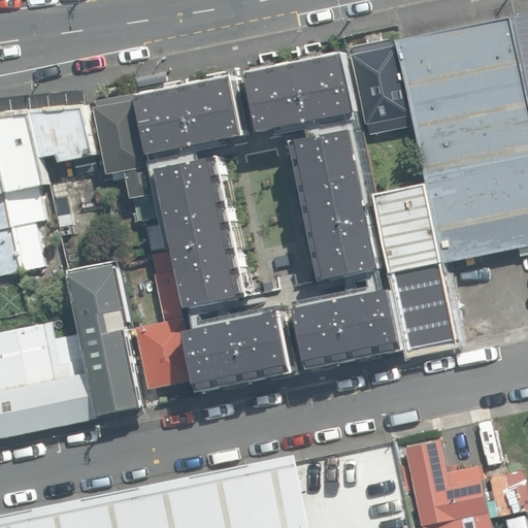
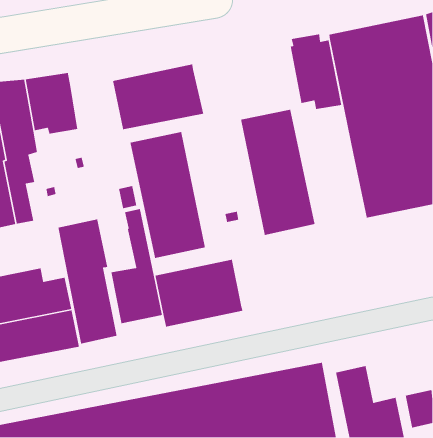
building: [245,53,353,134] -> none
building: [93,95,156,222] -> none
building: [372,185,453,337] -> none
building: [293,289,402,371] -> none

